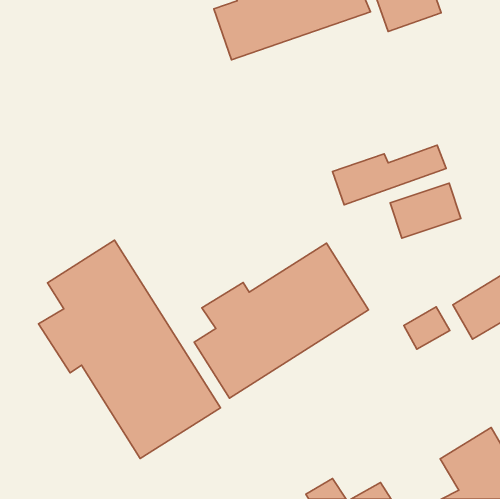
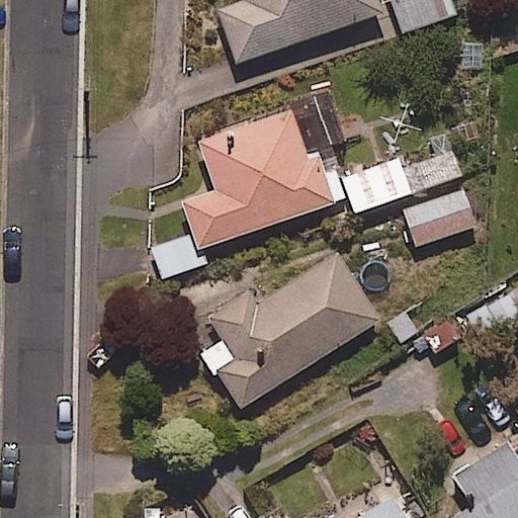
building: none -> [152,108,335,282]
building: [38,240,220,458] -> none

